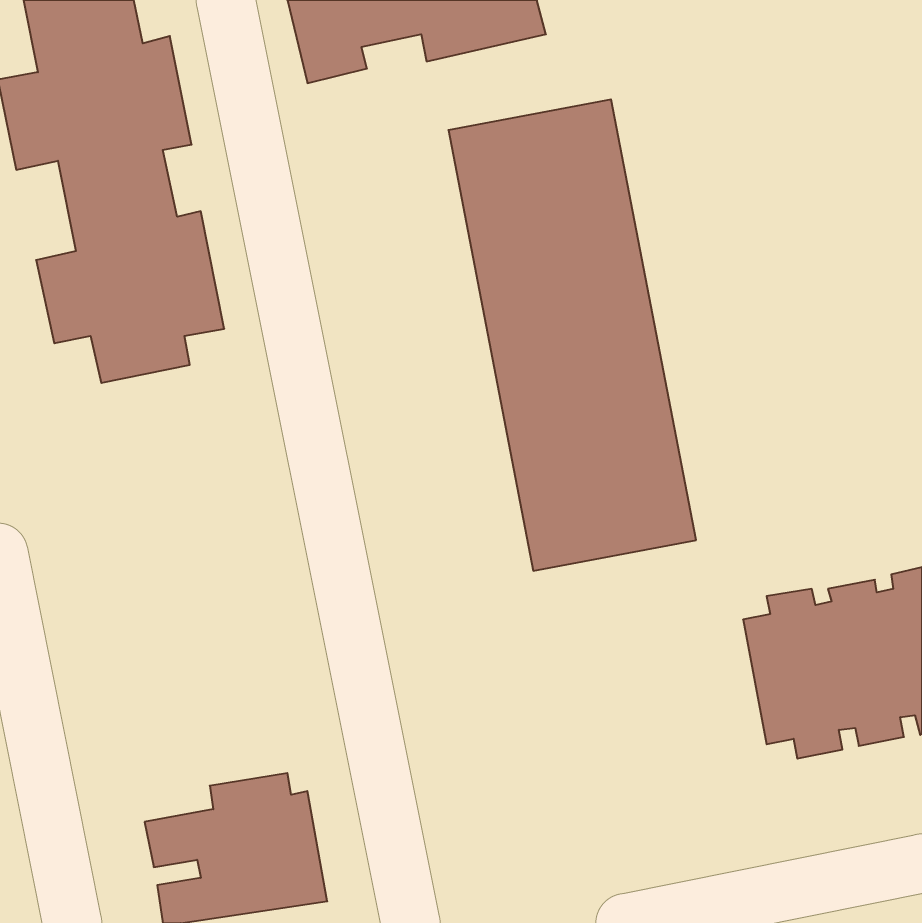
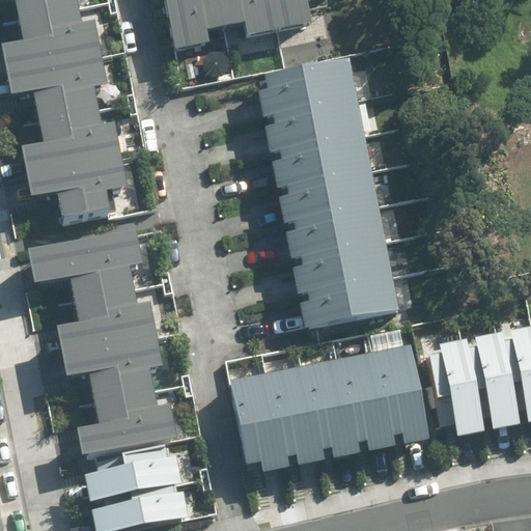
building: none -> [28,226,177,455]
building: none -> [229,344,428,471]

